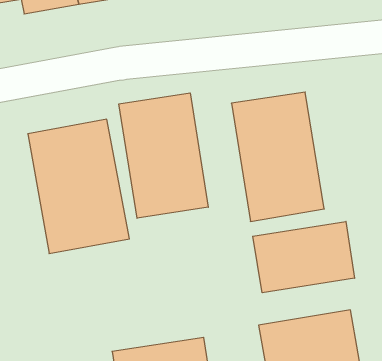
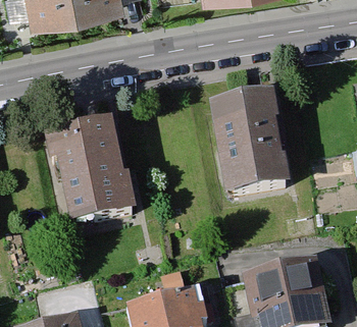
building: [119,93,208,218] -> none
building: [253,221,355,293] -> none

